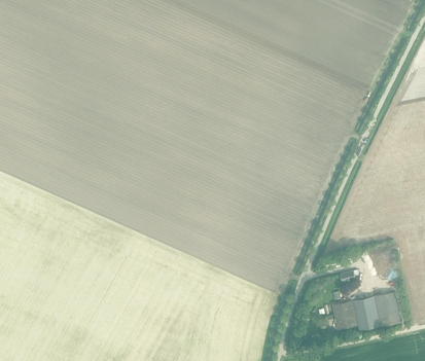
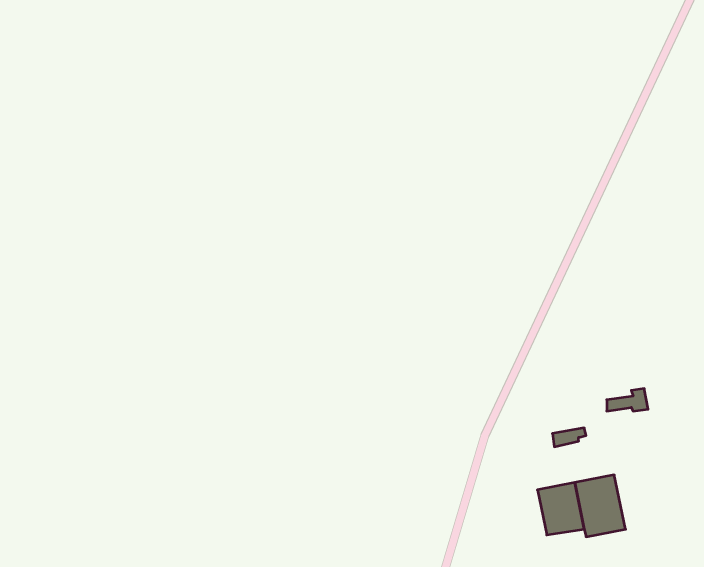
building: [374,292,399,326] -> none

